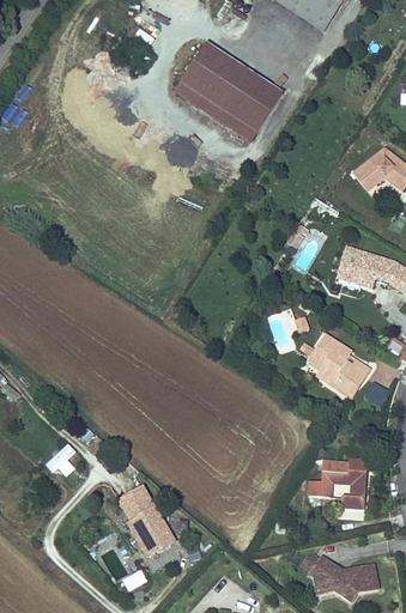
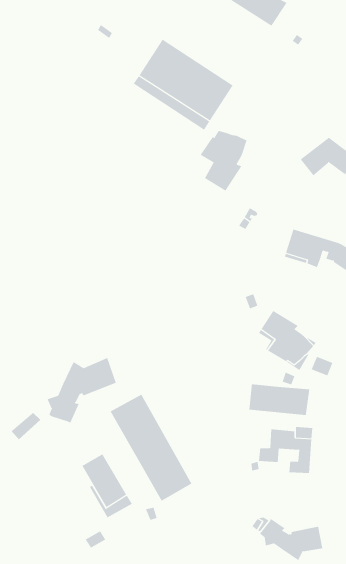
building: none -> [200,130,247,192]
building: none -> [47,357,117,424]
building: none -> [249,384,310,416]
building: none -> [110,394,192,501]

